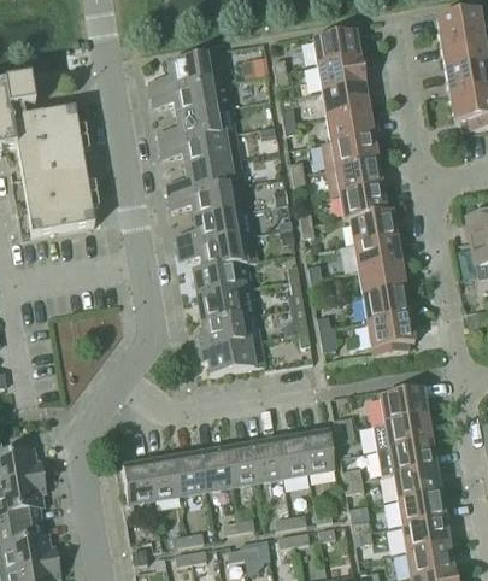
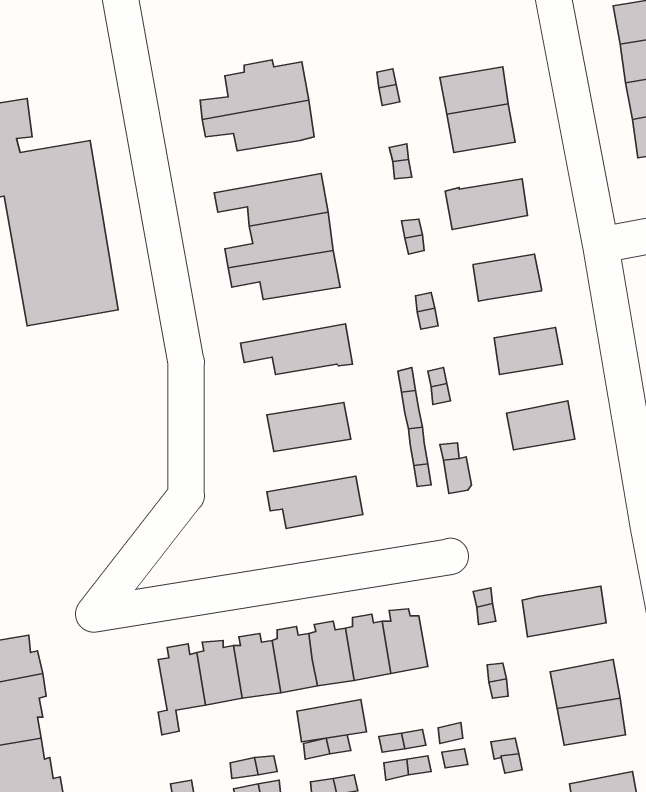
building: [312,30,360,65] -> none
building: [160,106,235,145] -> none
building: [327,110,374,142] -> none
building: [325,160,382,196] -> none
building: [177,210,252,248] -> none
building: [349,210,396,245] -> none
building: [193,263,251,298] -> none
building: [358,263,405,297] -> none
building: [195,315,259,351] -> none
building: [368,315,414,356] -> none
building: [380,389,428,423] -> none
building: [302,427,335,471] -> none
building: [377,441,436,476] -> none
building: none -> [297,700,366,742]
building: [402,518,449,552] -> none

